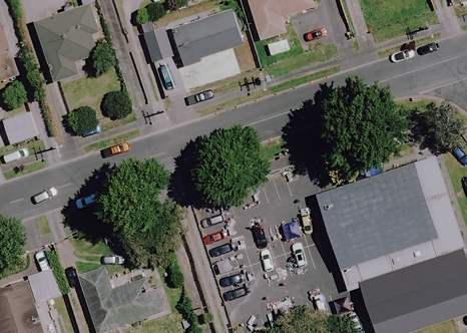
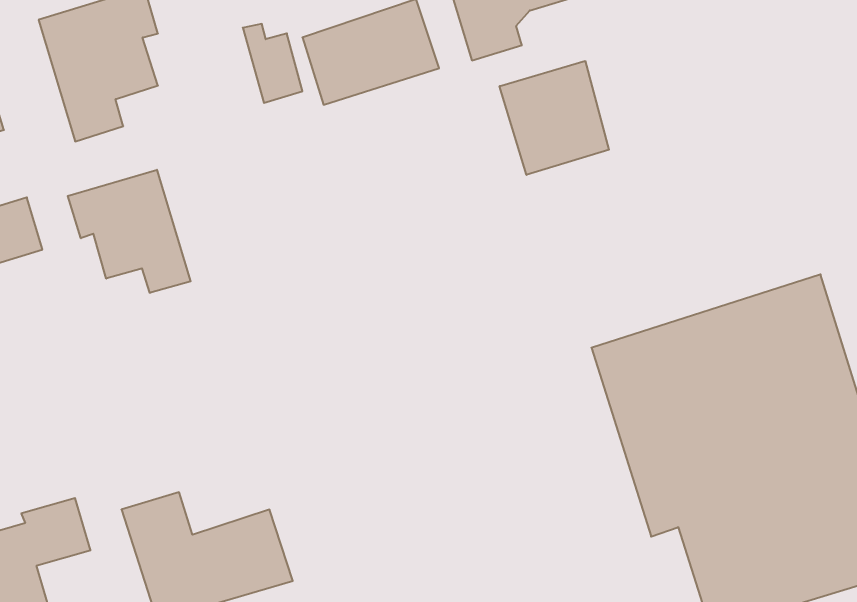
building: none -> [500,61,609,175]
building: none -> [68,170,191,293]

